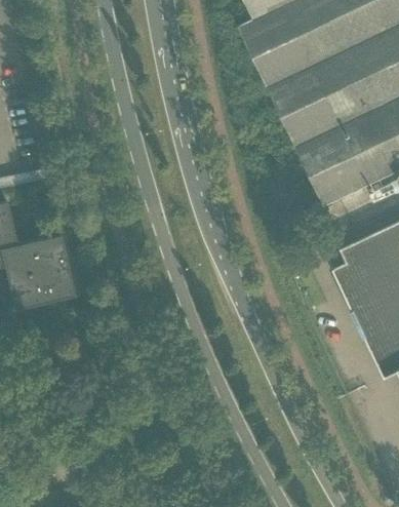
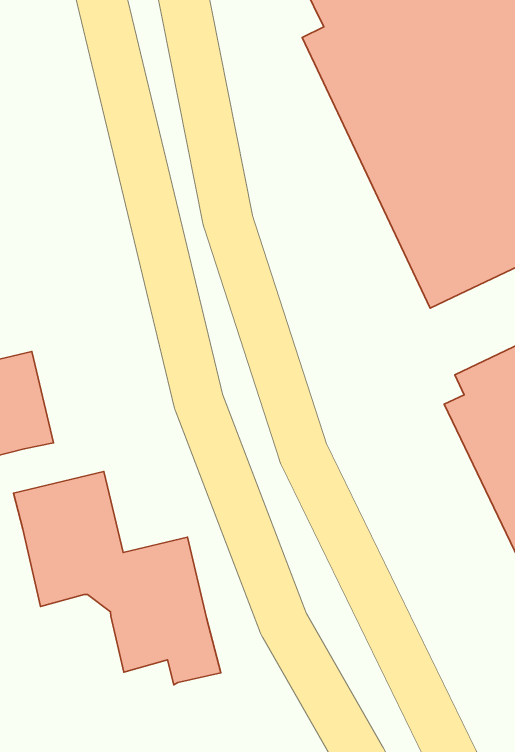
building: none -> [13,472,221,685]

